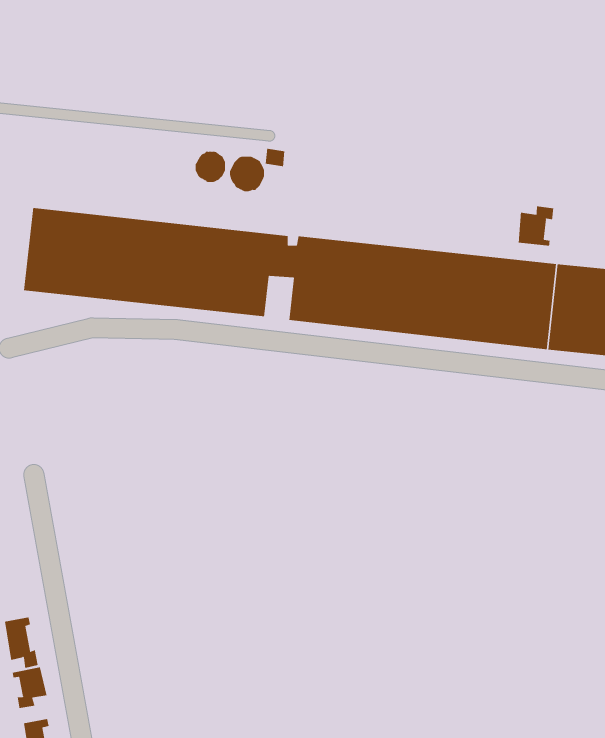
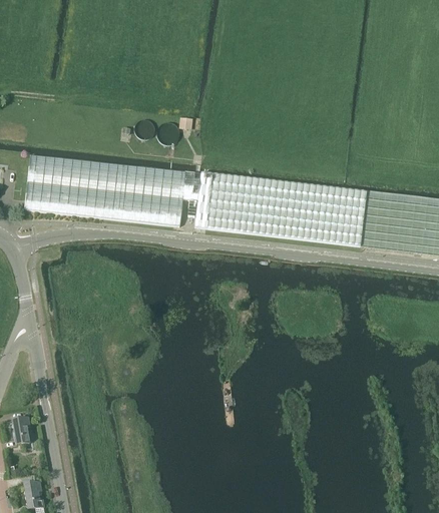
building: [518,205,554,247] -> none
building: [12,667,47,709] -> none

